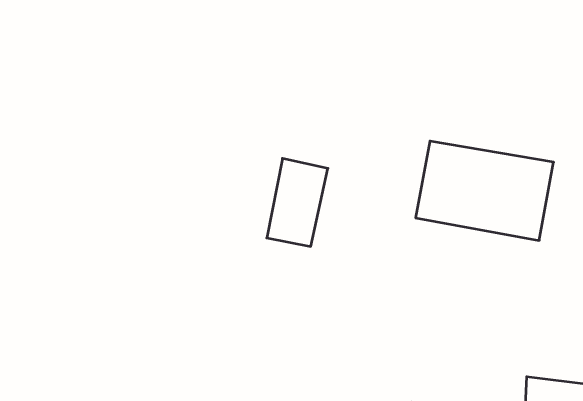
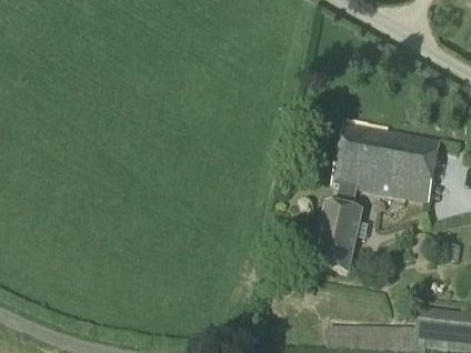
building: [267,158,328,246] -> [314,204,362,273]

